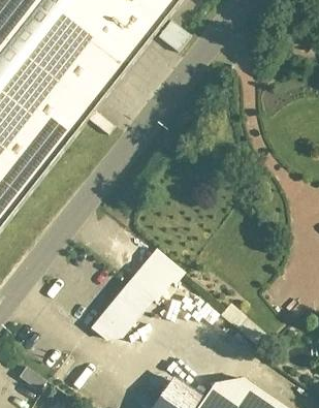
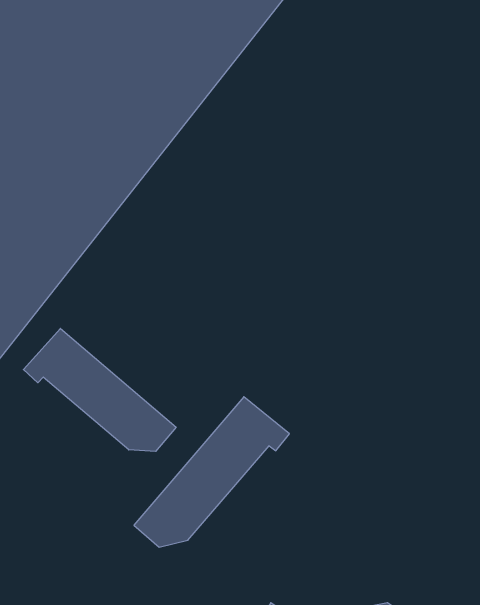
building: none -> [23,328,176,451]

